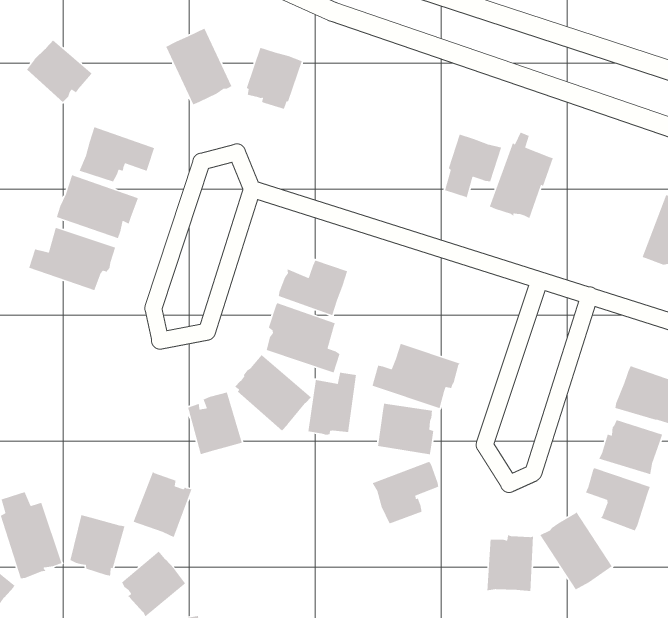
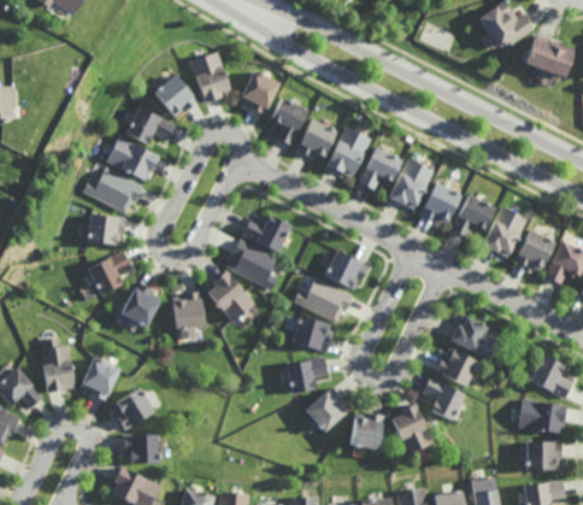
building: [26,39,94,103] -> [158,76,201,118]
building: none -> [272,98,308,147]
building: none -> [296,119,337,160]
building: none -> [326,127,372,178]
building: none -> [422,183,461,224]
building: none -> [452,195,496,239]
building: none -> [88,213,125,246]
building: none -> [325,251,370,290]
building: none -> [88,249,131,295]
building: [307,372,357,436] -> none
building: [133,471,193,538] -> [120,282,163,328]
building: none -> [304,387,348,434]

